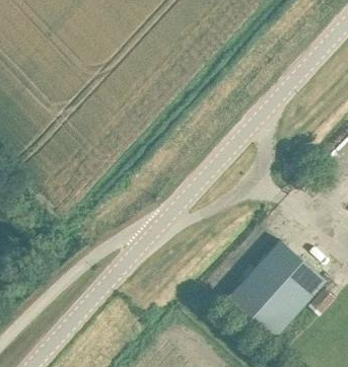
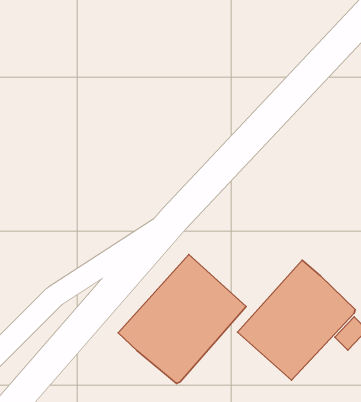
building: none -> [118,255,246,384]

